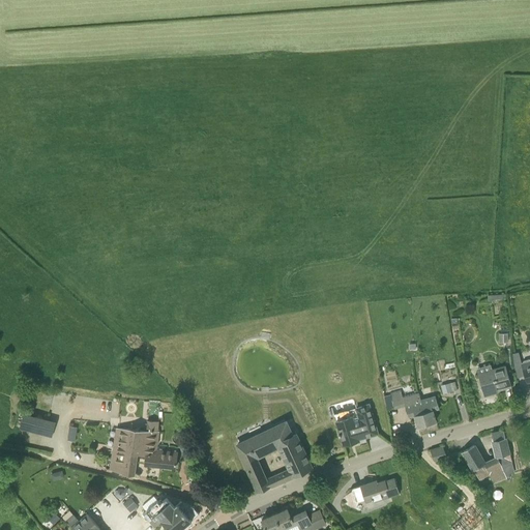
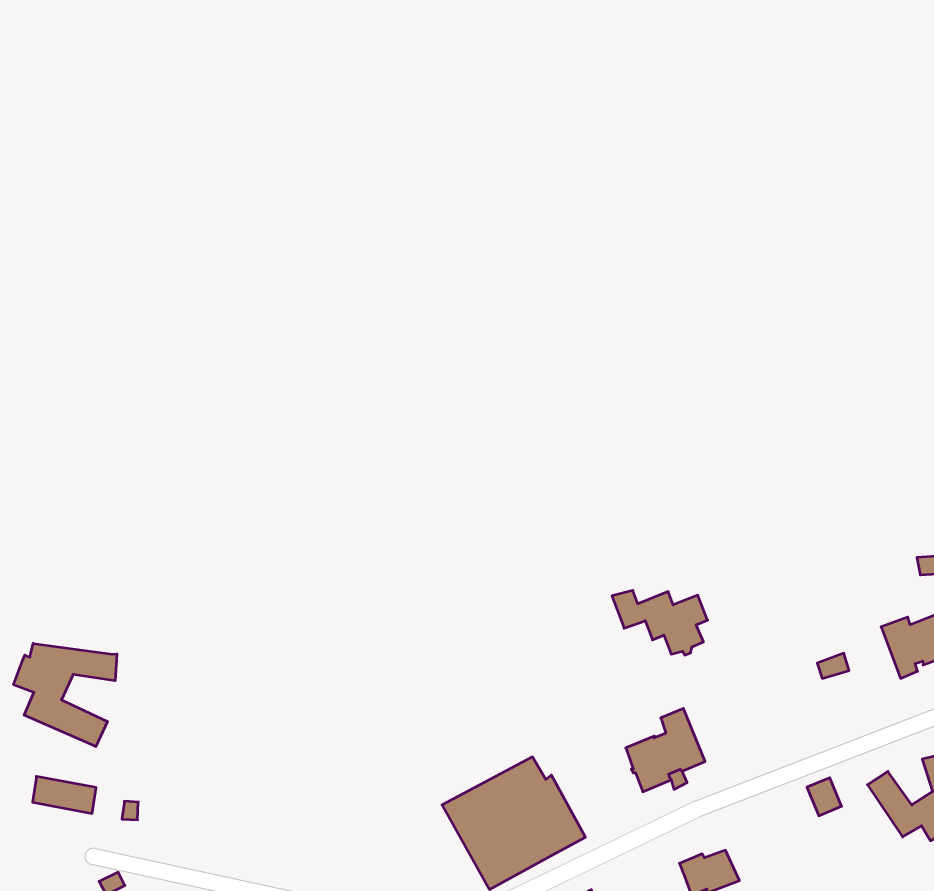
building: none -> [14,643,117,747]
building: [389,390,439,426] -> [612,590,708,655]
building: [110,419,177,475] -> none

